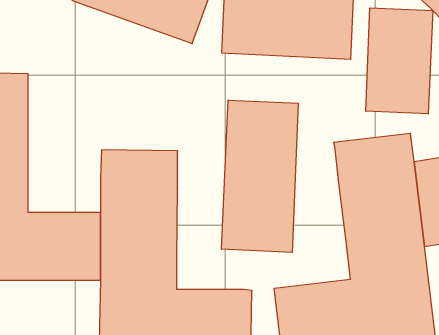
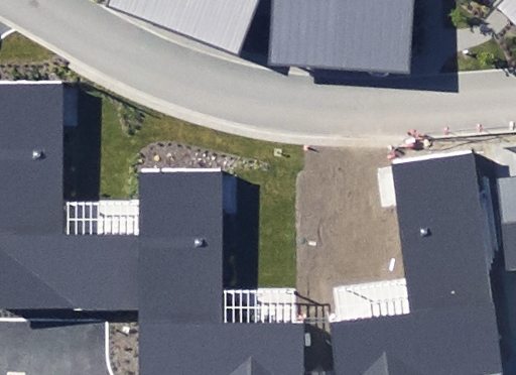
building: [366,8,433,114] -> none
building: [222,100,298,252] -> none

